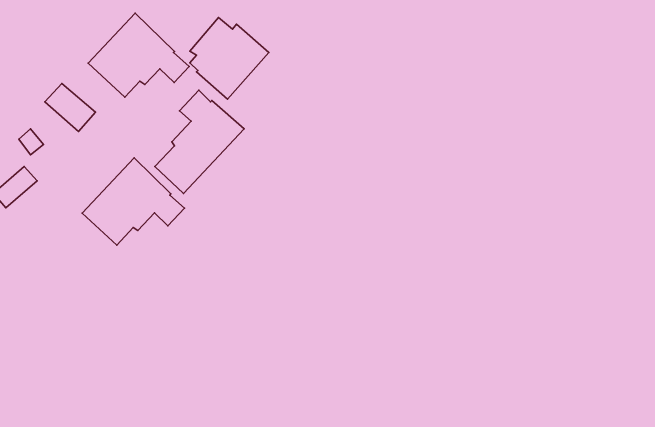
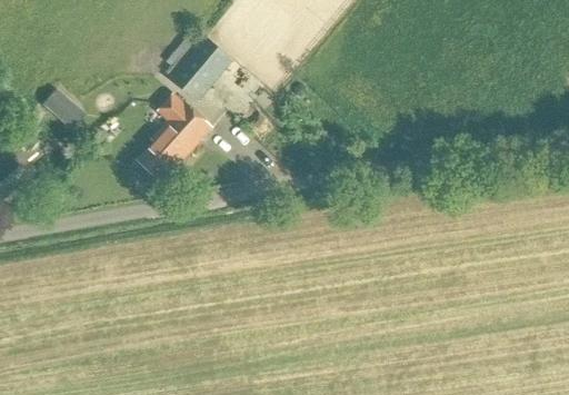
building: [88,13,189,97] -> none
building: [82,158,184,245] -> none

